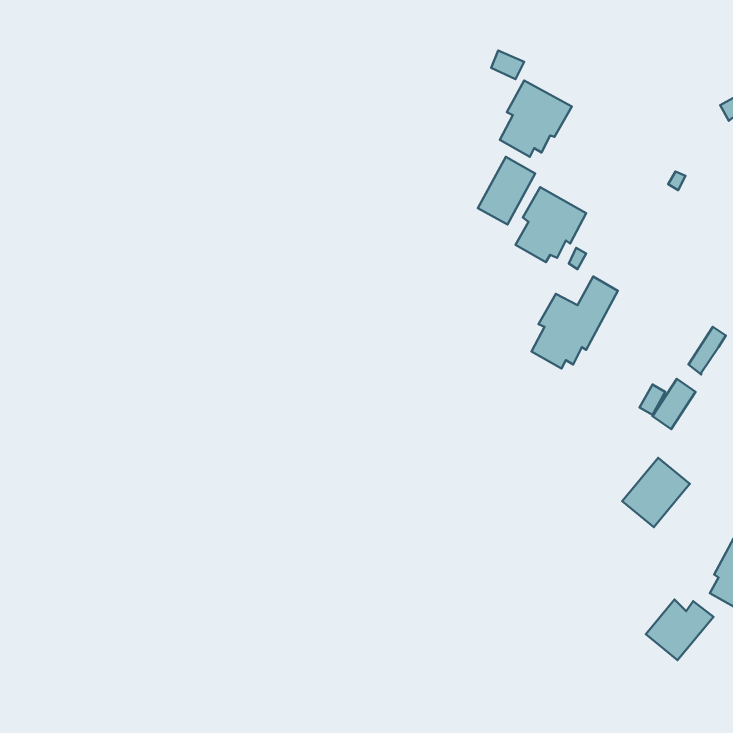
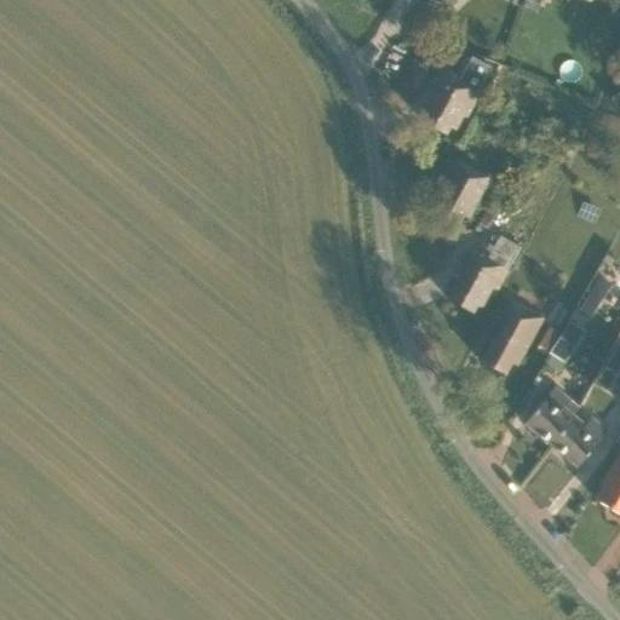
building: [478,157,535,225] -> none
building: none -> [482,298,545,373]
building: [646,600,713,660] -> [552,414,609,465]

